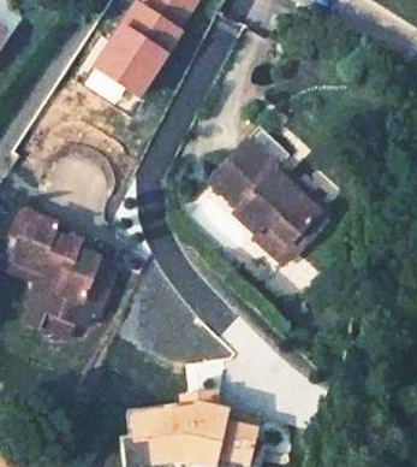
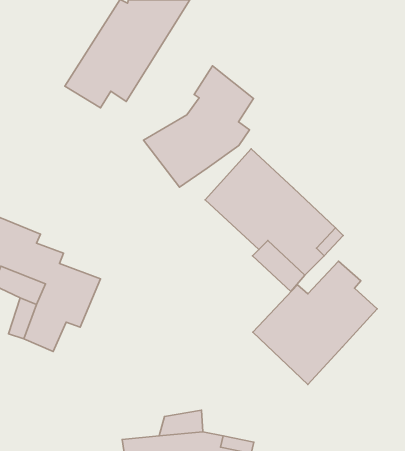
building: none -> [143,66,254,187]
building: none -> [253,261,377,385]

